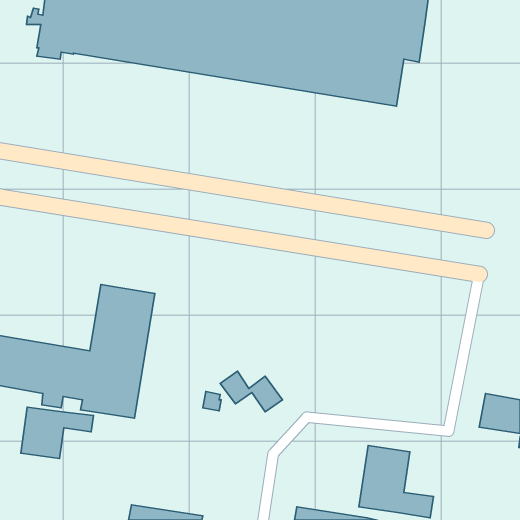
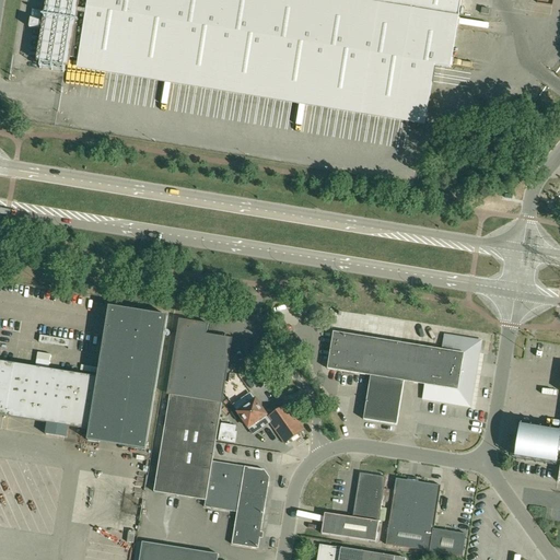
building: none -> [153,318,269,548]
building: none -> [327,331,480,424]
building: [21,407,93,459] -> none
building: none -> [320,472,385,541]

